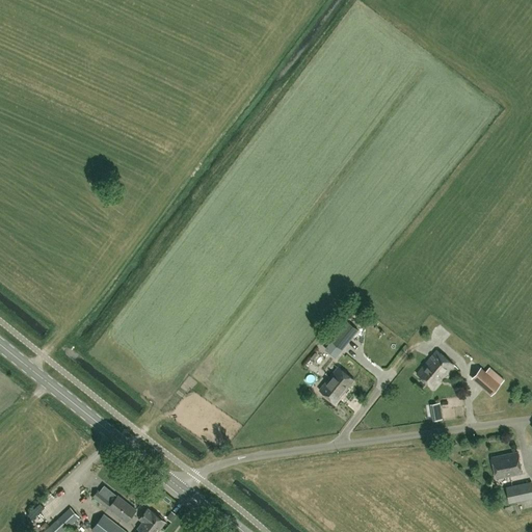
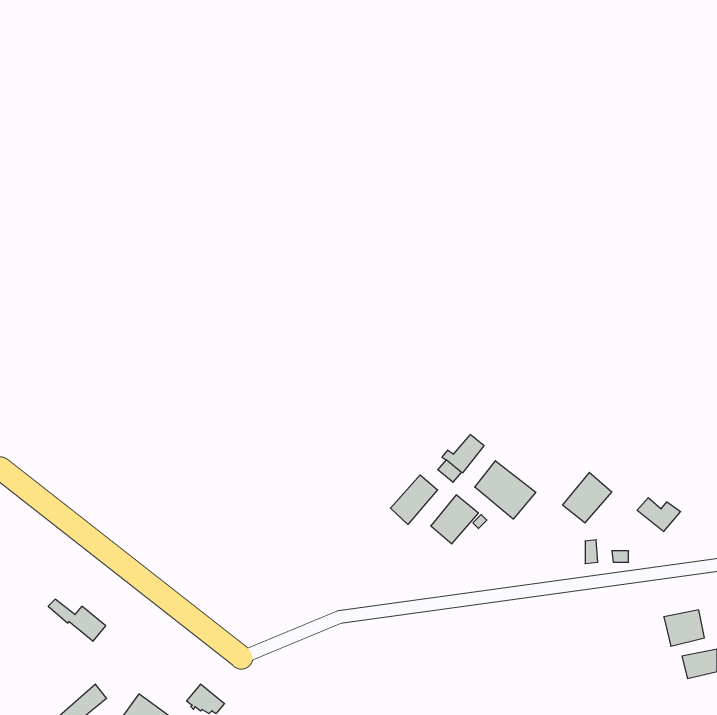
building: none -> [475,461,536,519]
building: none -> [390,475,438,524]
building: [94,491,136,523] -> [48,599,106,641]

